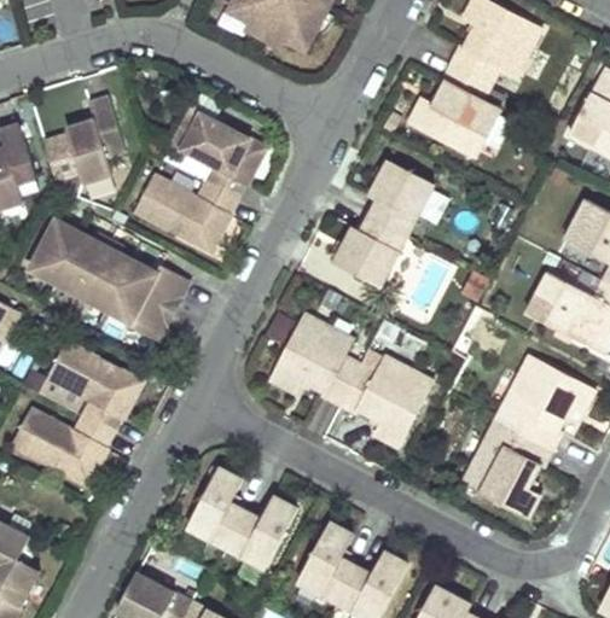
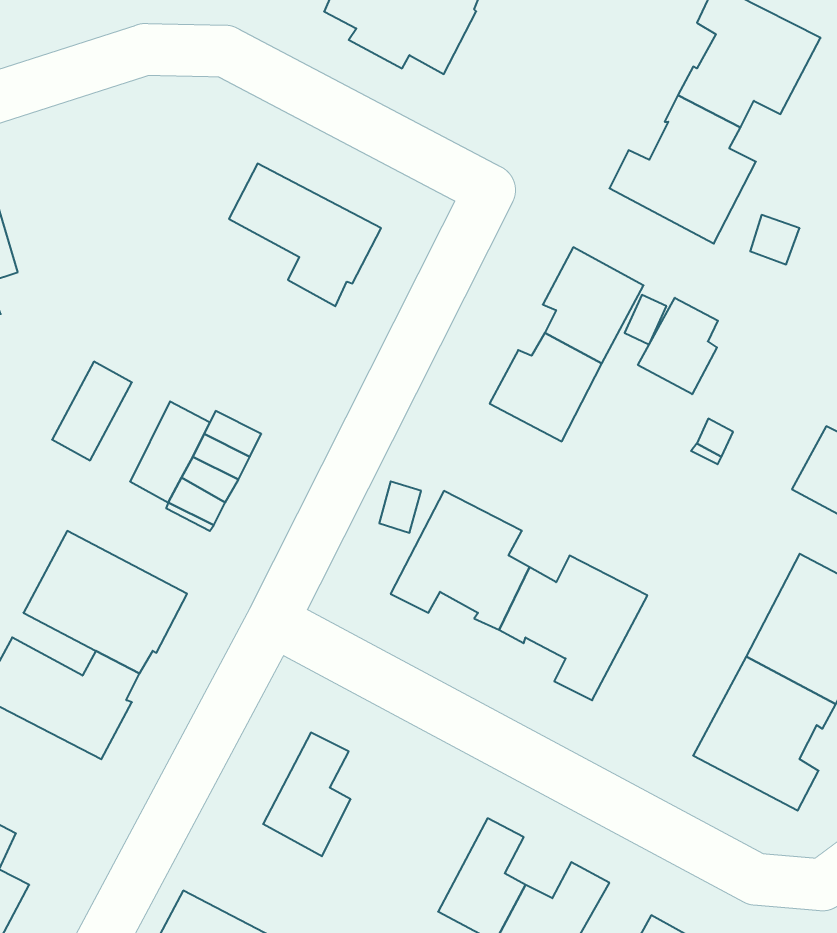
building: [40,97,123,198] -> none
building: [130,175,234,251] -> none
building: none -> [638,298,718,394]
building: [29,220,81,282] -> none
building: [79,246,129,309] -> none
building: [226,497,298,569] -> none

